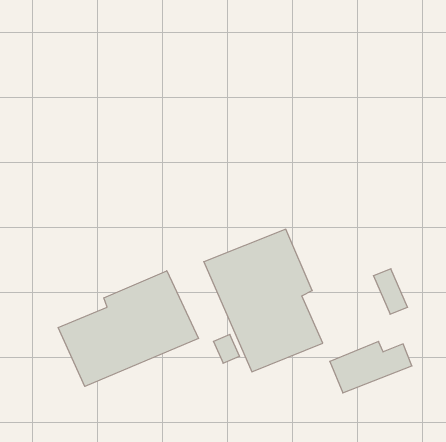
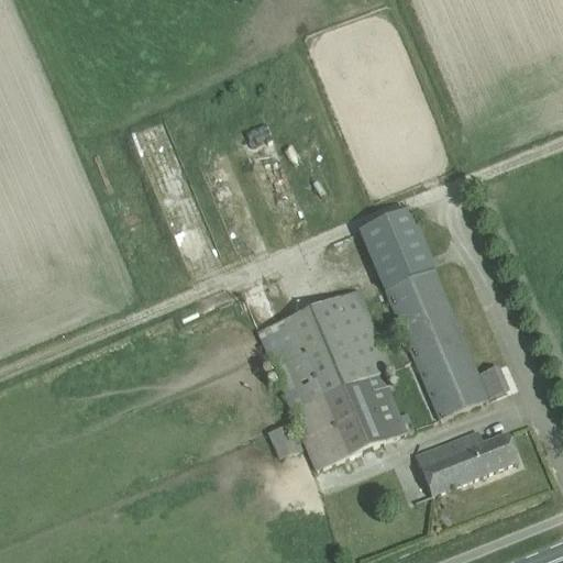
building: none -> [358,207,487,416]
building: [58,271,199,386] -> none

